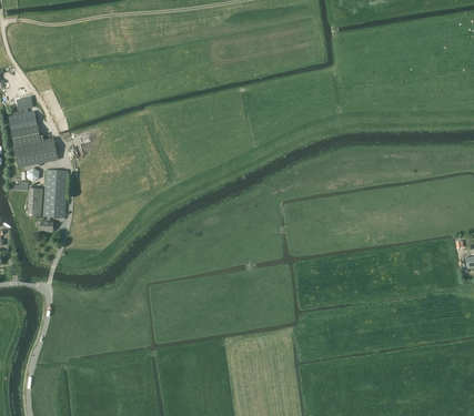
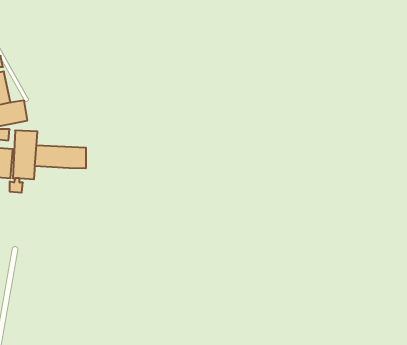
building: none -> [35,145,86,168]

